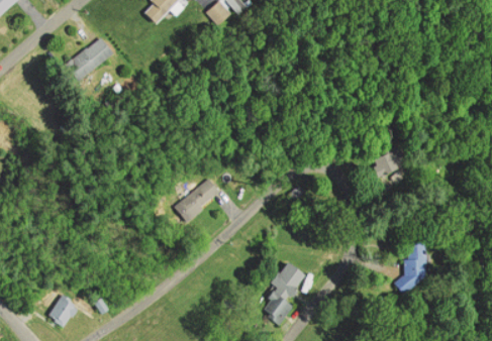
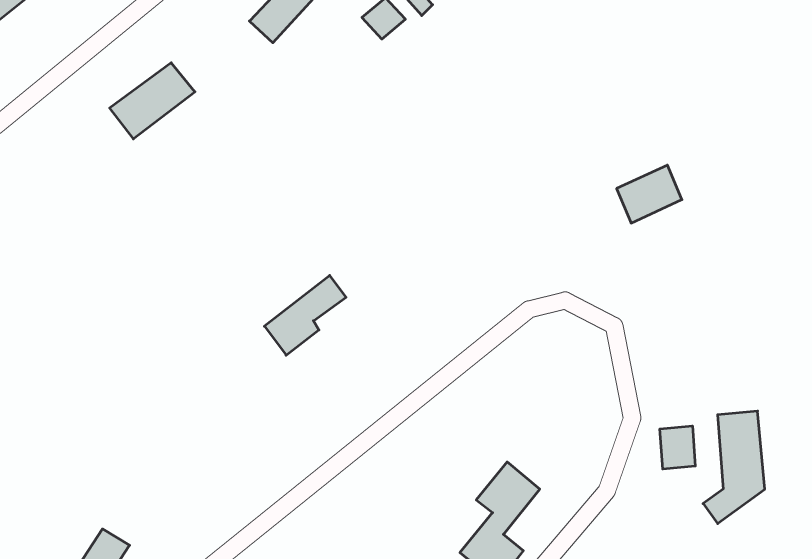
building: [374,147,410,180] -> [617,165,682,223]
building: [173,180,218,224] -> [264,275,346,355]
building: none -> [660,426,695,469]

